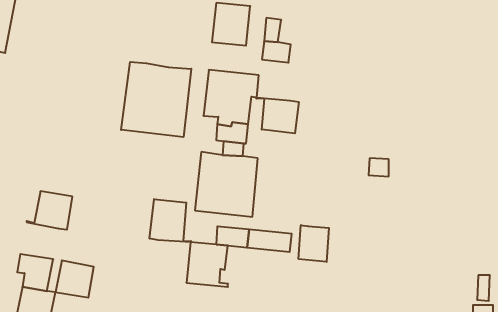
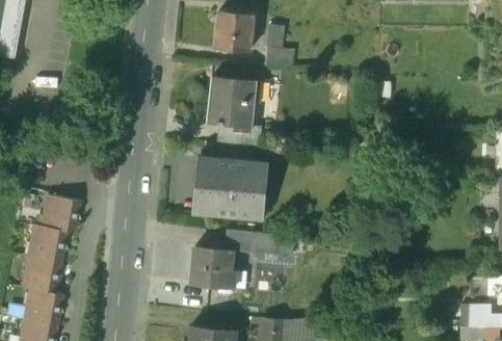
building: [121,62,191,137] -> none
building: [256,98,299,133] -> none
building: [150,199,191,242] -> none
building: [299,225,329,262] -> none
building: [55,260,94,298] -> [28,226,65,262]

